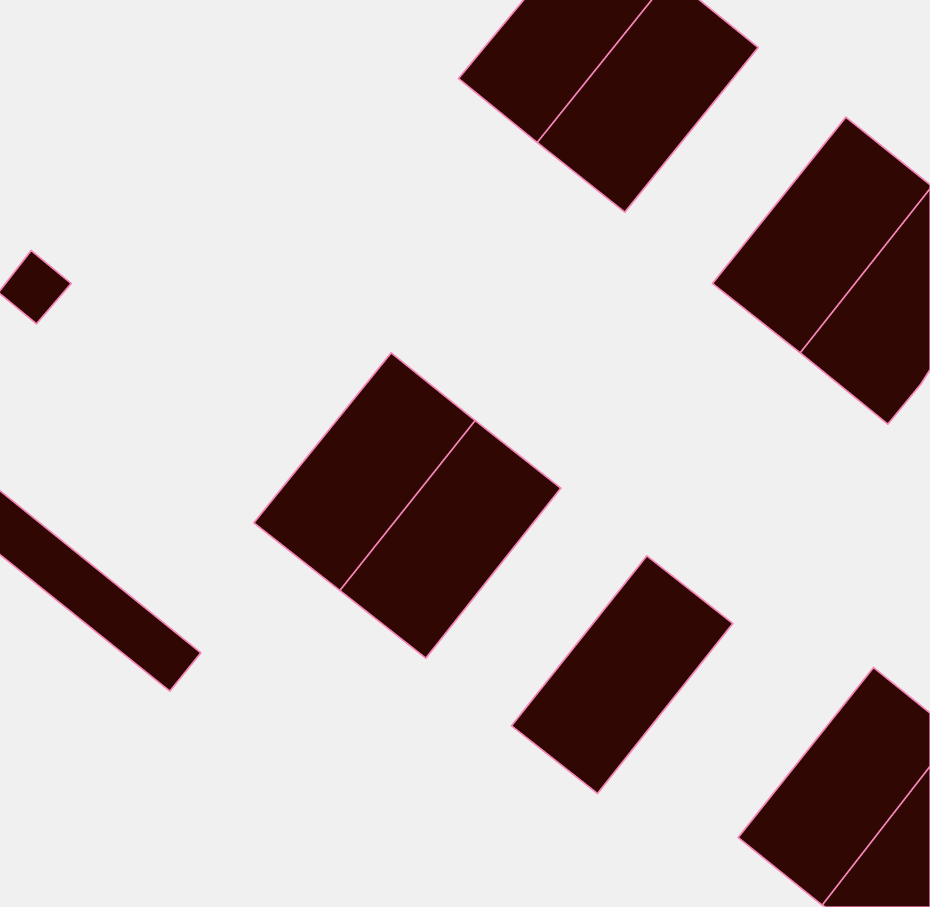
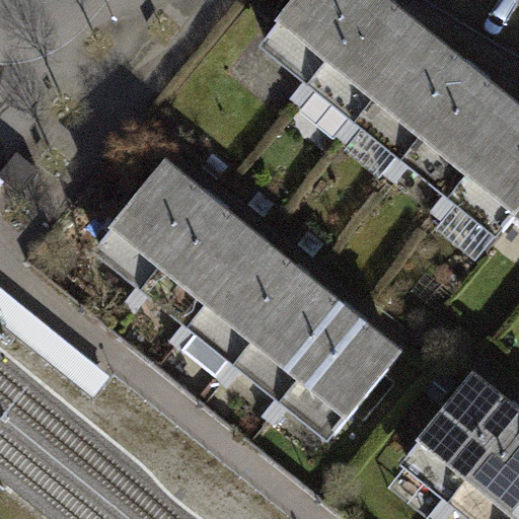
building: none -> [347,26,469,157]
building: none -> [94,158,217,290]
building: none -> [236,271,359,402]

